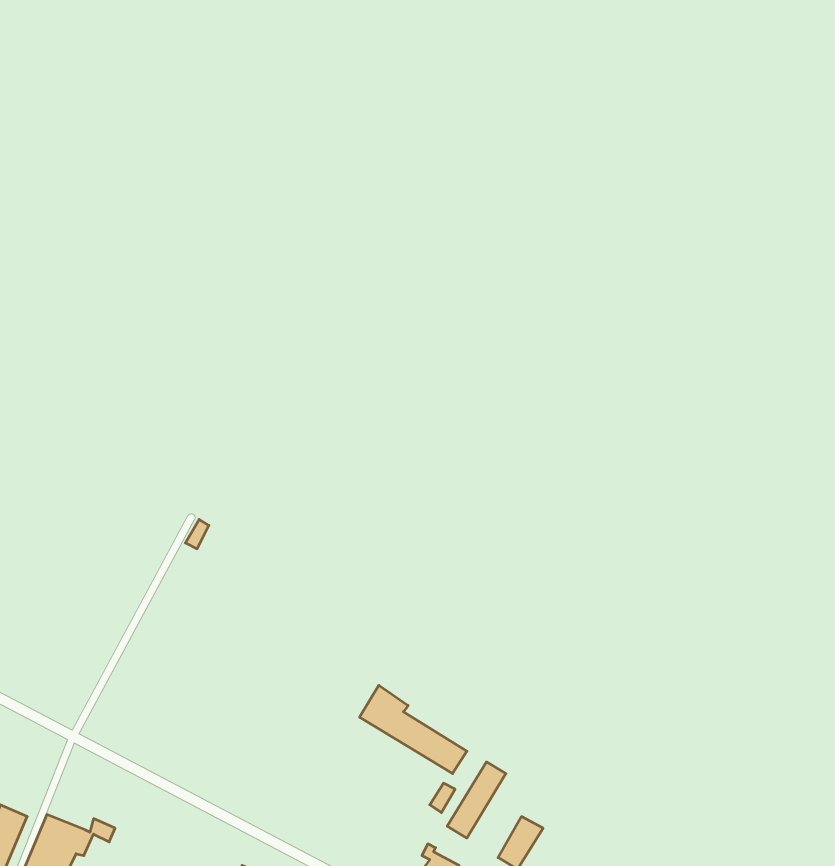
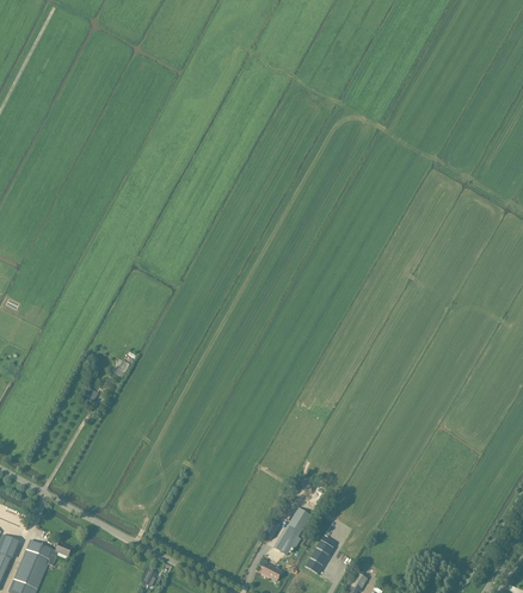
building: [360,685,467,774] -> none

